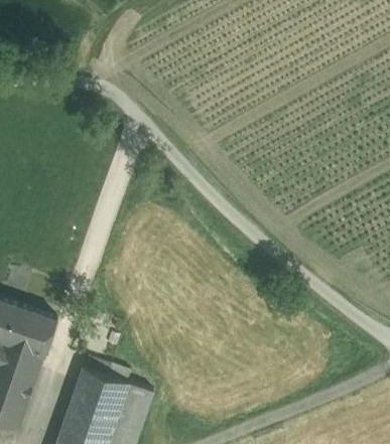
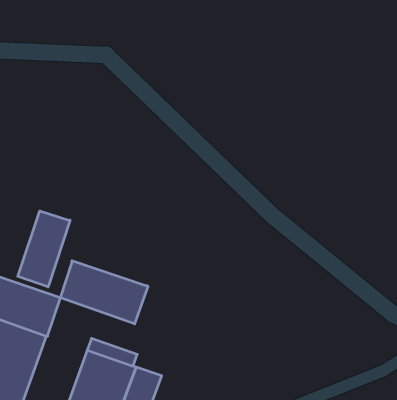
building: none -> [18,211,70,287]
building: none -> [60,261,148,324]

